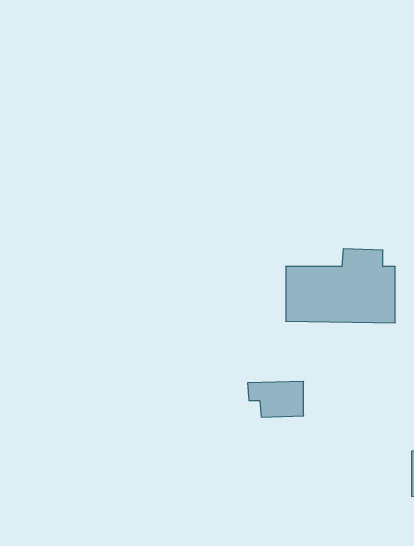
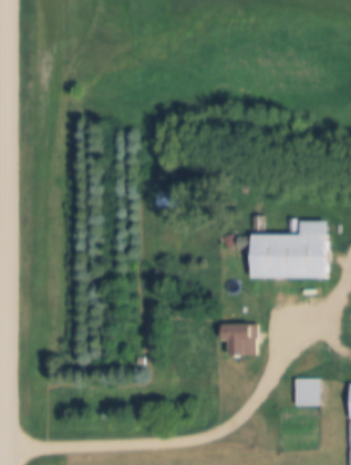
building: none -> [295,379,324,405]

